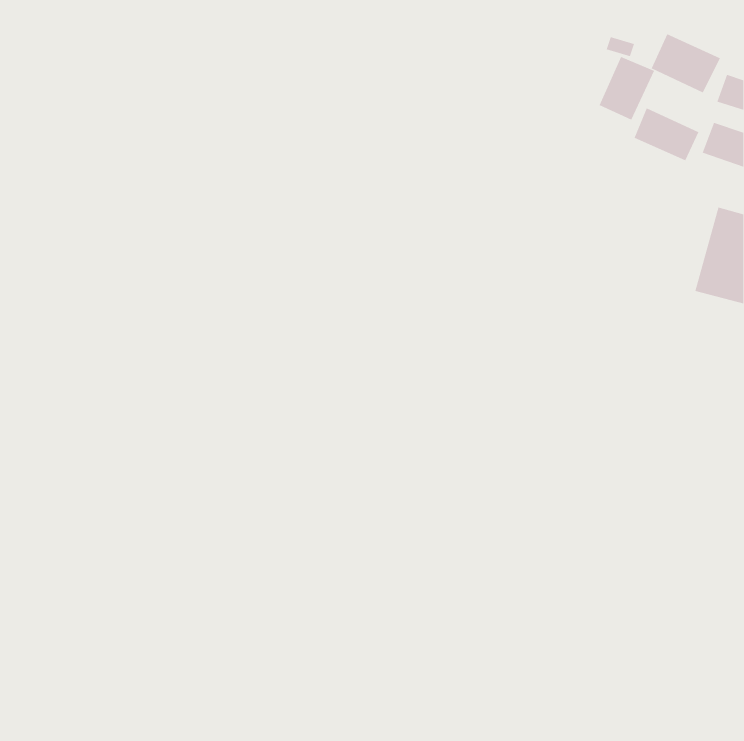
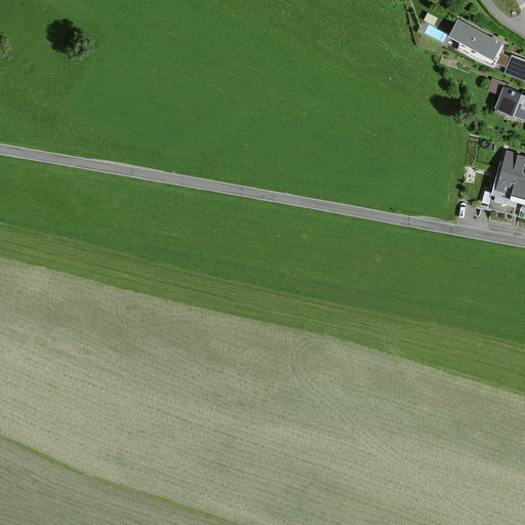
building: [599,56,655,121] -> none
building: [634,107,699,161] -> none

